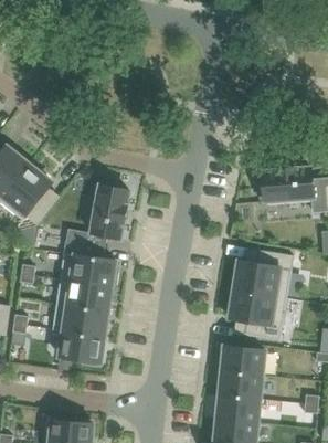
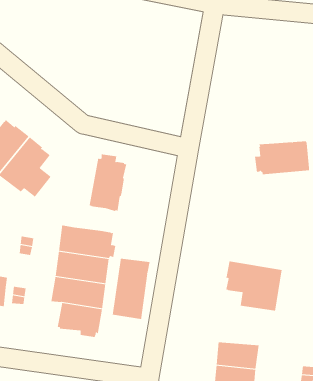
building: [63,233,107,259] -> none
building: [232,251,293,298] -> none
building: none -> [112,258,150,320]
building: [221,347,265,375] -> none

